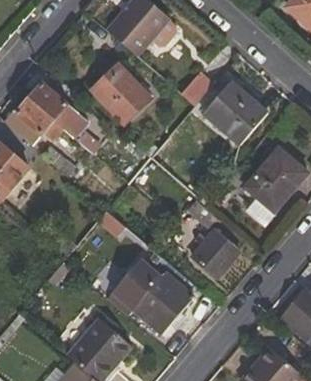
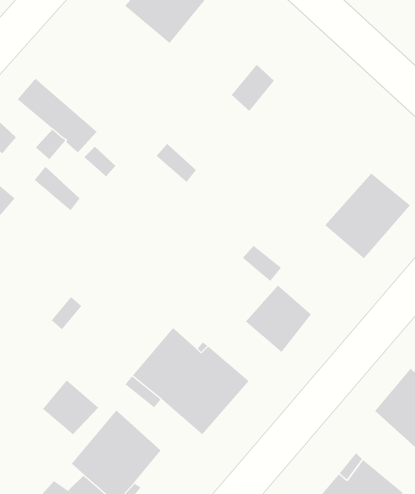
building: [92,65,152,125] -> none
building: [204,81,266,144] -> none
building: none -> [42,379,99,435]

